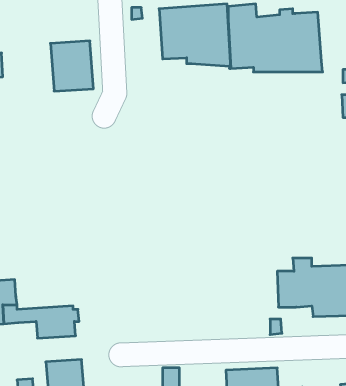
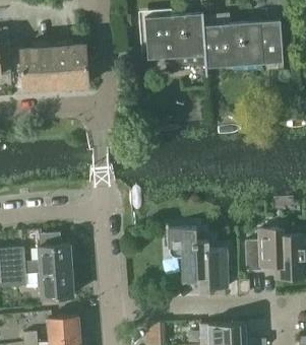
building: none -> [20,47,55,89]
building: none -> [168,227,228,289]
building: none -> [22,233,74,273]

